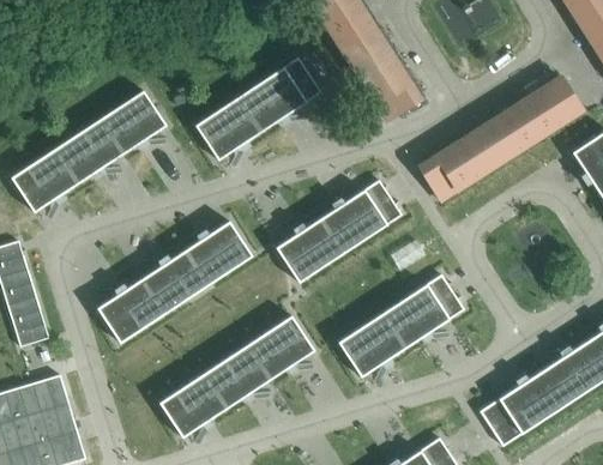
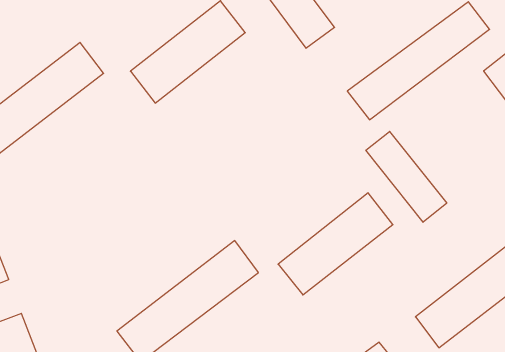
building: [276,180,402,283] -> none
building: none -> [366,131,447,222]
building: [97,222,253,344] -> none

